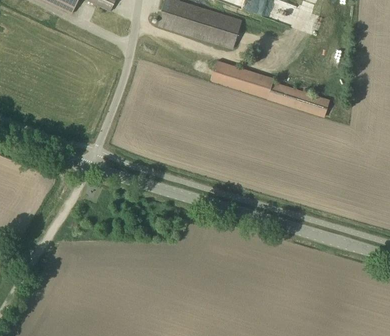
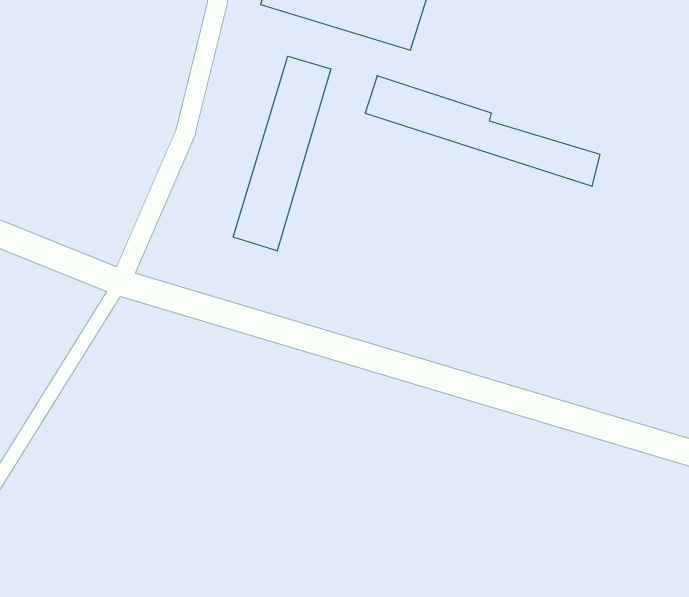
building: none -> [233,56,331,251]

